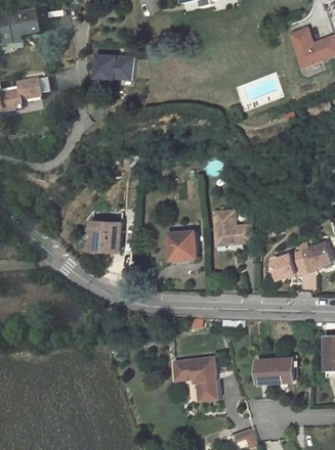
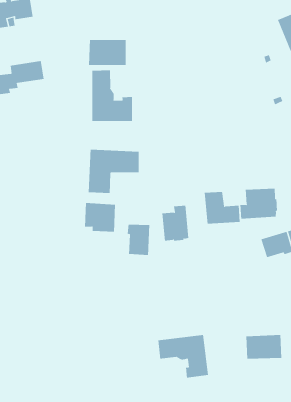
building: none -> [92,70,133,122]
building: none -> [88,149,139,194]
building: none -> [240,188,277,219]
building: none -> [127,224,150,256]

